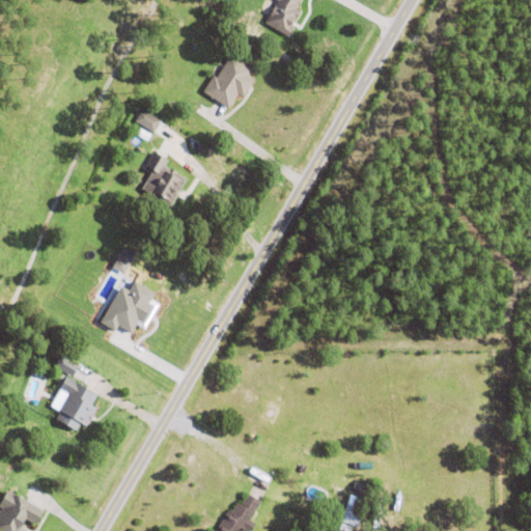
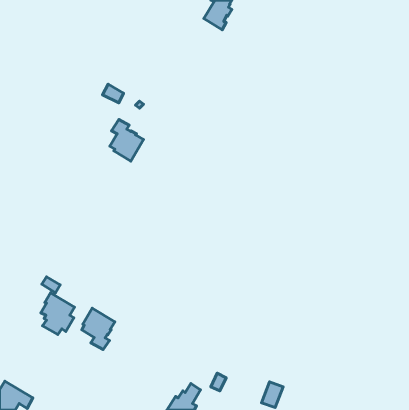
building: [202,56,253,110] -> none
building: [99,280,153,331] -> none
building: none -> [82,308,115,350]

